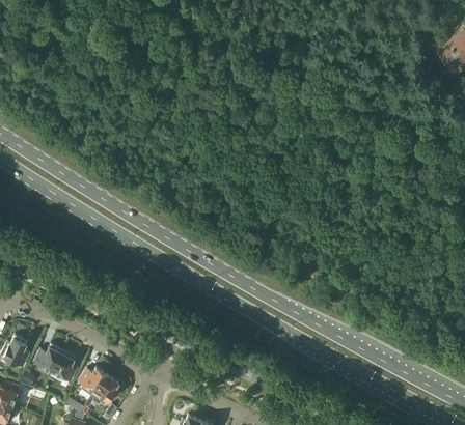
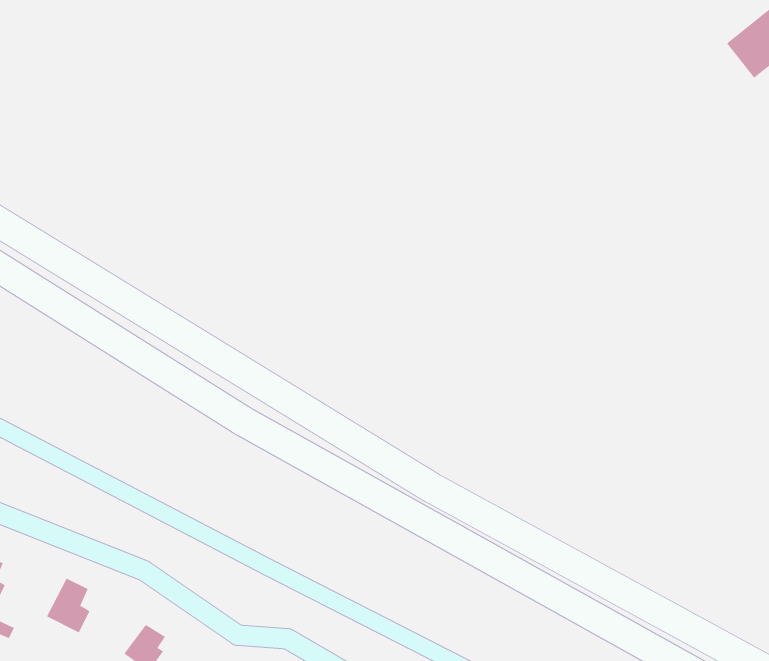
building: [34,344,64,372] -> none
building: [79,368,109,393] -> none

